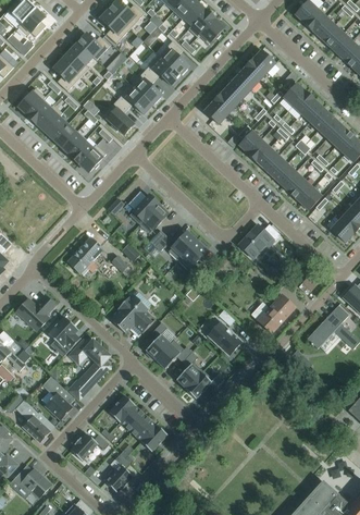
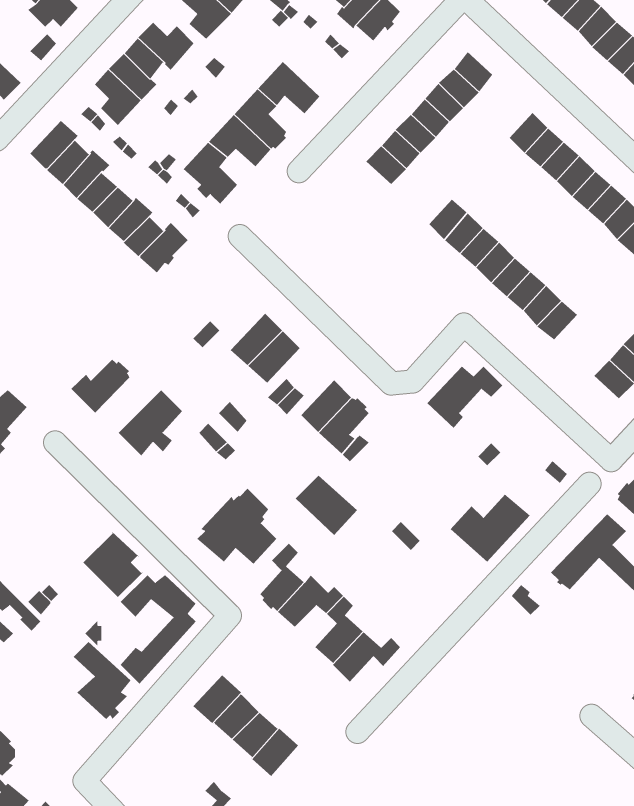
building: [158,40,188,74] -> none
building: none -> [71,359,130,413]
building: [15,294,55,330] -> none
building: [207,321,241,355] -> [295,475,358,536]
building: [15,398,50,442] -> none
building: [70,432,108,461] -> none

